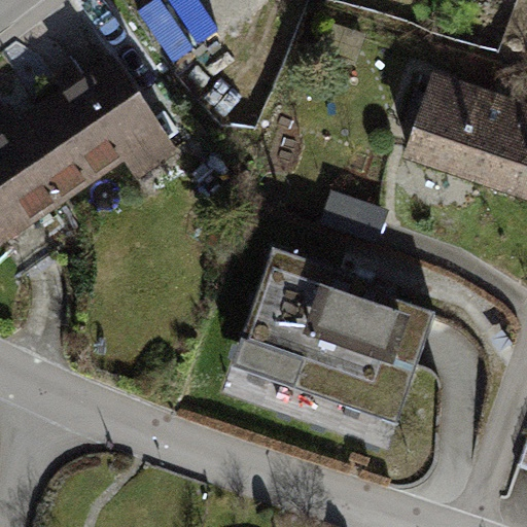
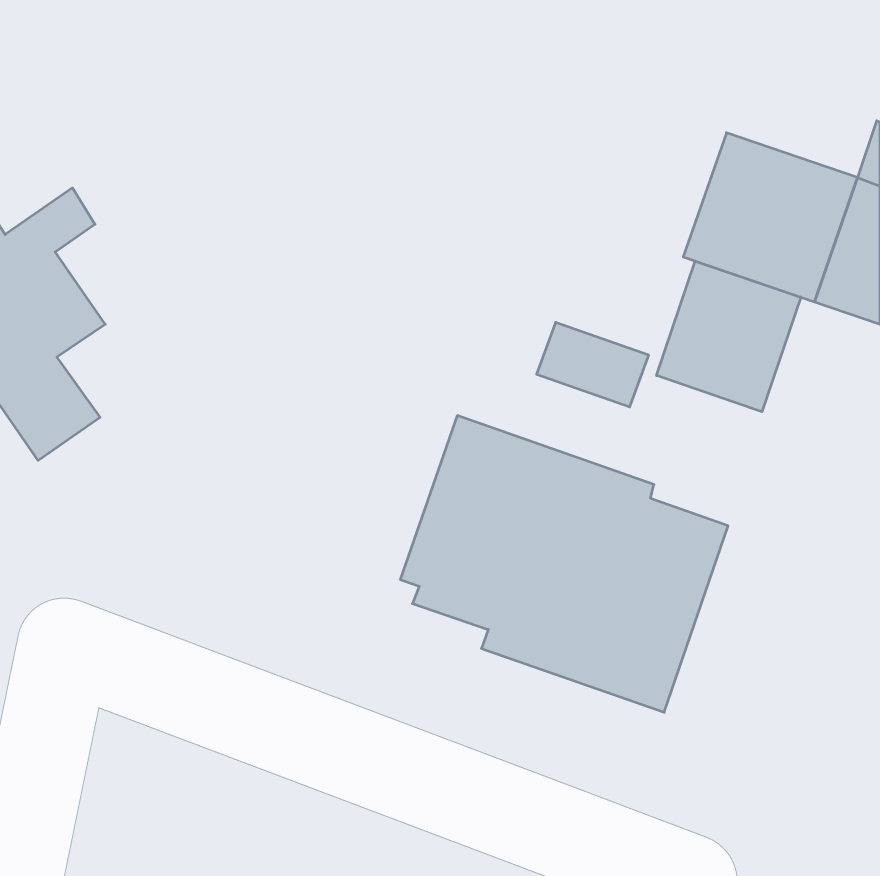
building: [33,67,159,197] -> none
building: none -> [657,261,801,412]

